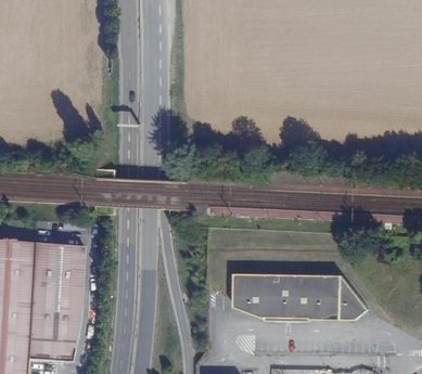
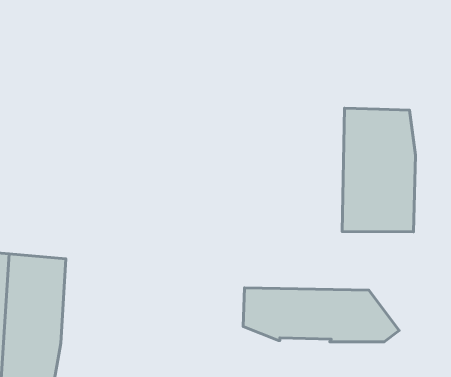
building: none -> [342,108,415,232]

